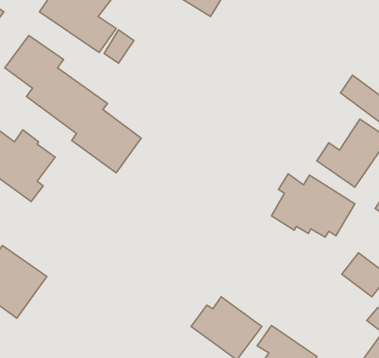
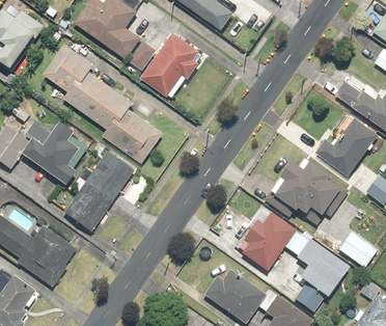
building: none -> [139,30,199,97]
building: none -> [63,151,137,235]
building: none -> [241,214,351,314]

